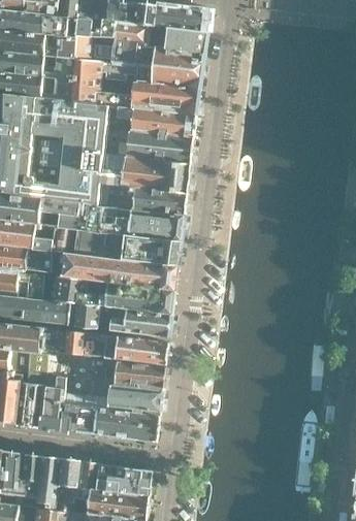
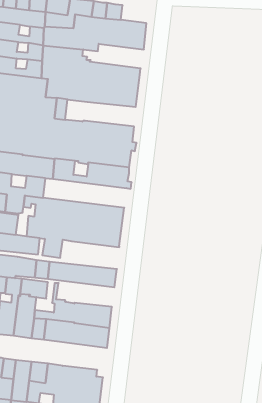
building: [172,10,206,33] -> none
building: [124,59,201,90] -> none
building: [127,132,191,163] -> none
building: [74,228,180,265] -> none
building: [108,307,173,337] -> none
building: [91,360,163,390] -> none

